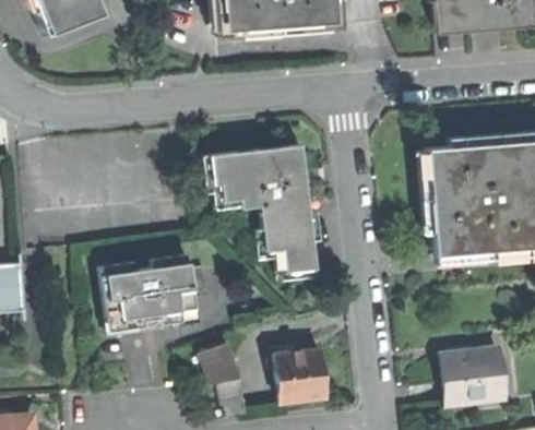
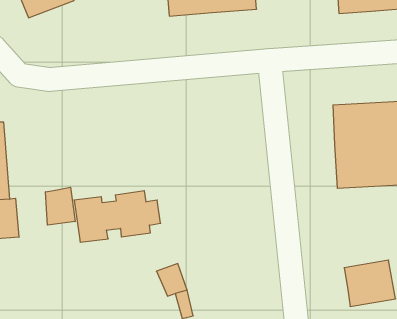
building: [215,150,318,275] -> none
building: none -> [46,187,75,225]
building: [280,354,331,406] -> none

